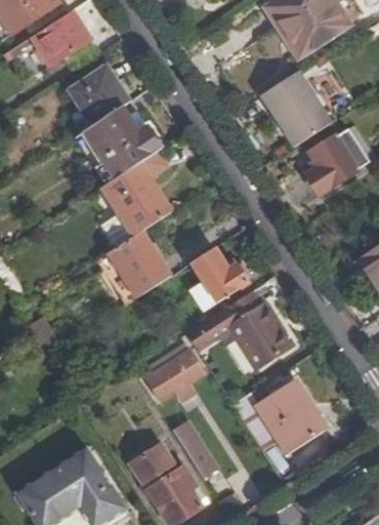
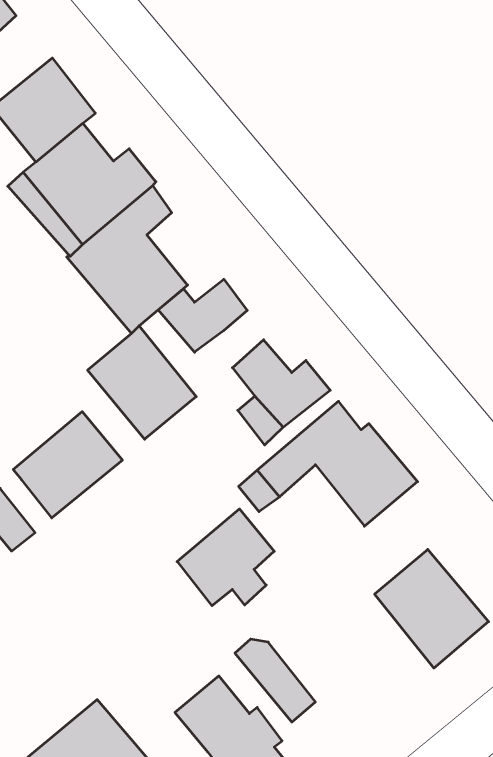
building: [259,69,331,146] -> none
building: [306,136,356,194] -> none
building: none -> [158,279,247,352]
building: none -> [13,412,122,518]

